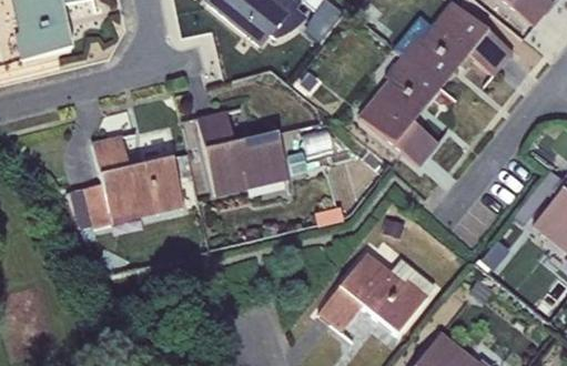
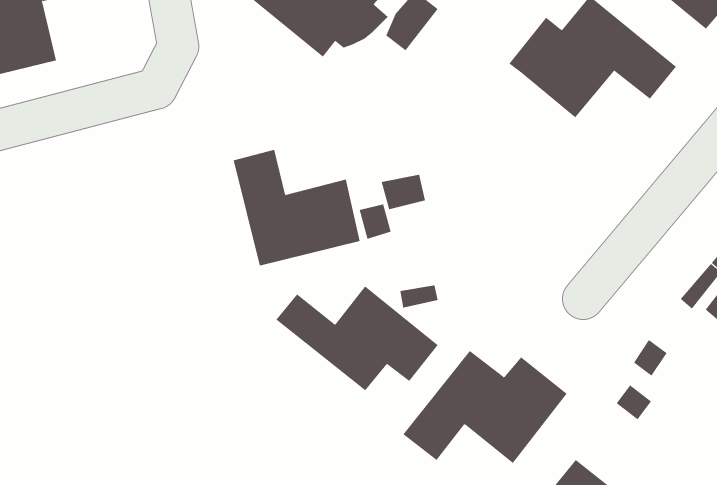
building: [360,55,441,166] -> none
building: [72,135,183,230] -> none
building: none -> [276,285,439,391]

